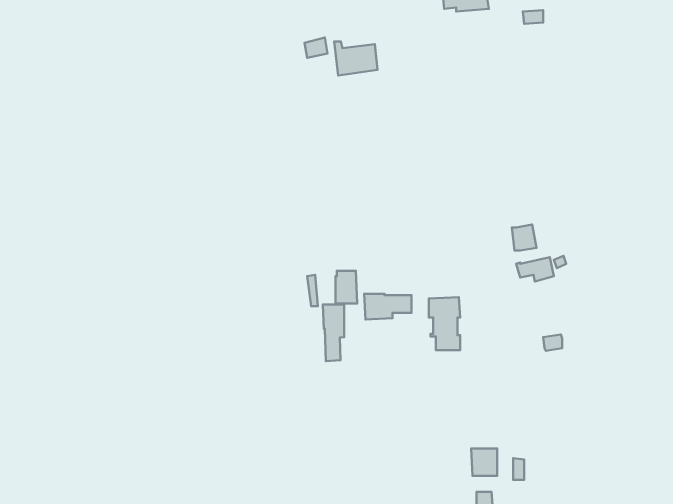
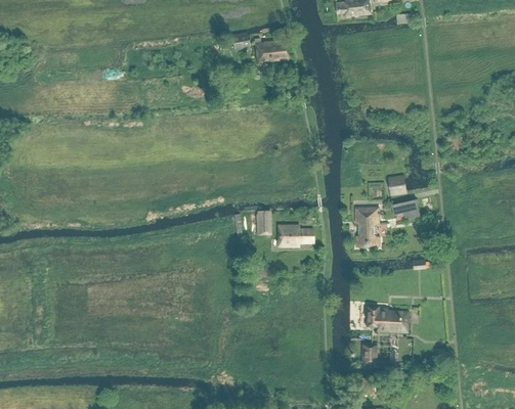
building: [429,297,460,350] -> [355,208,379,247]
building: [323,305,344,361] -> none
building: none -> [366,305,407,331]

